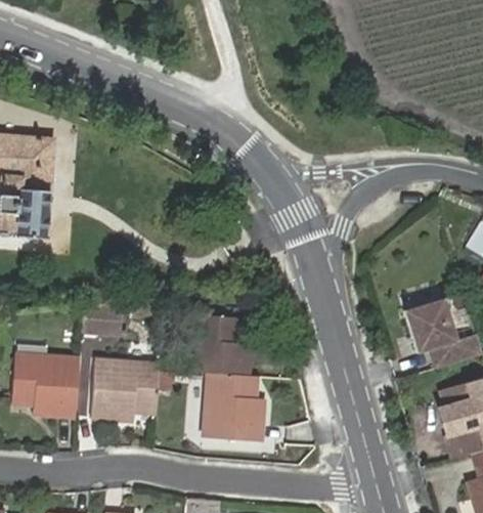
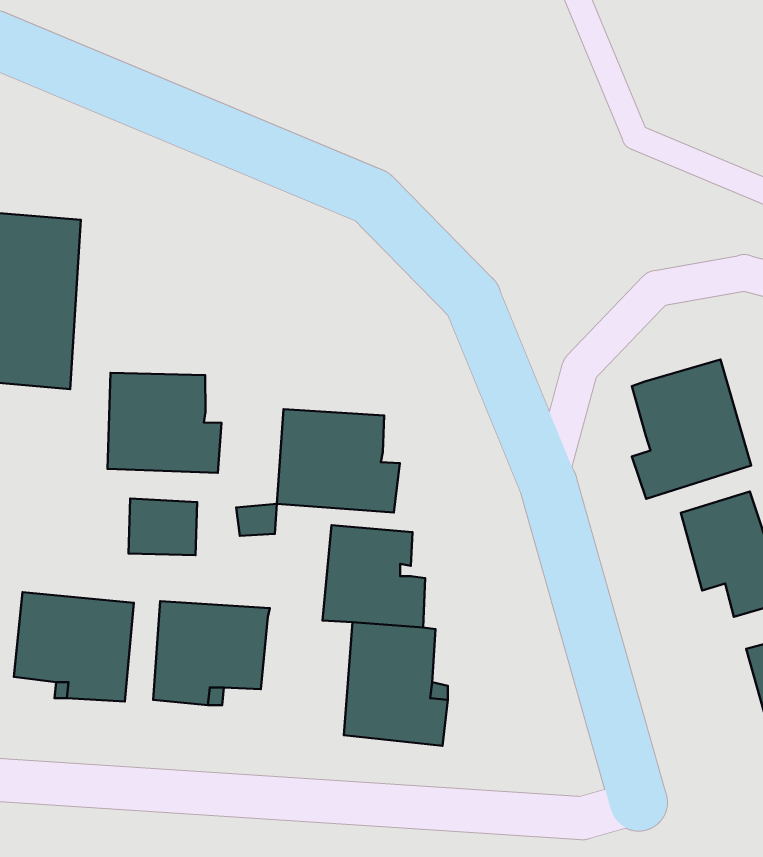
building: none -> [632,360,751,499]
building: none -> [107,373,222,473]
building: none -> [277,409,400,513]

